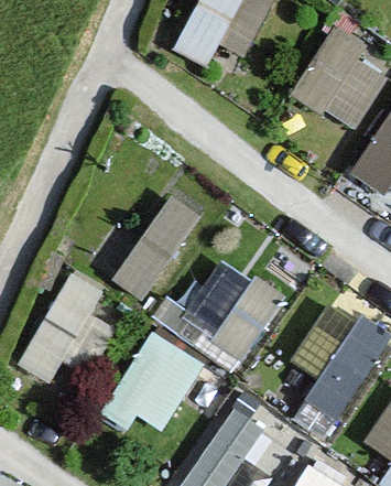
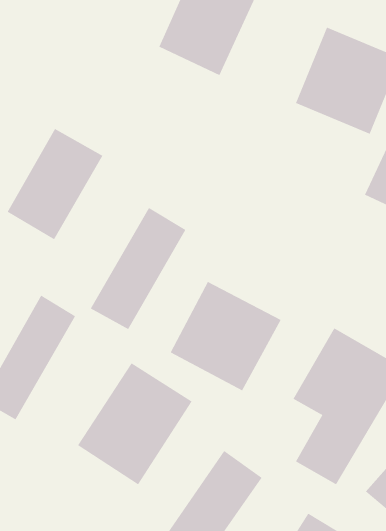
building: none -> [7,128,103,240]

